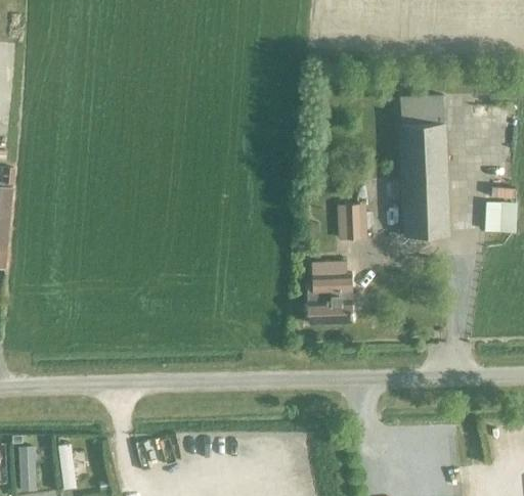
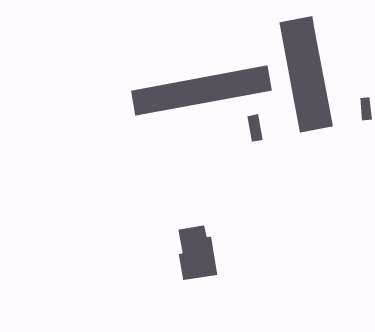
building: none -> [130,65,272,117]
building: [307,259,353,323] -> [177,225,218,281]

